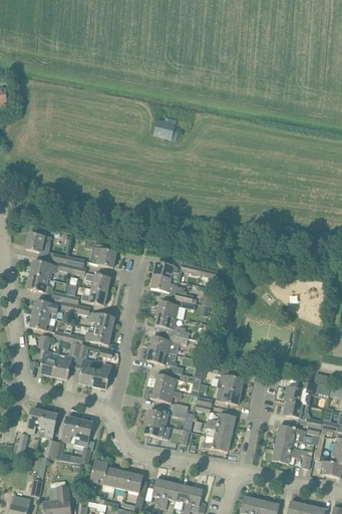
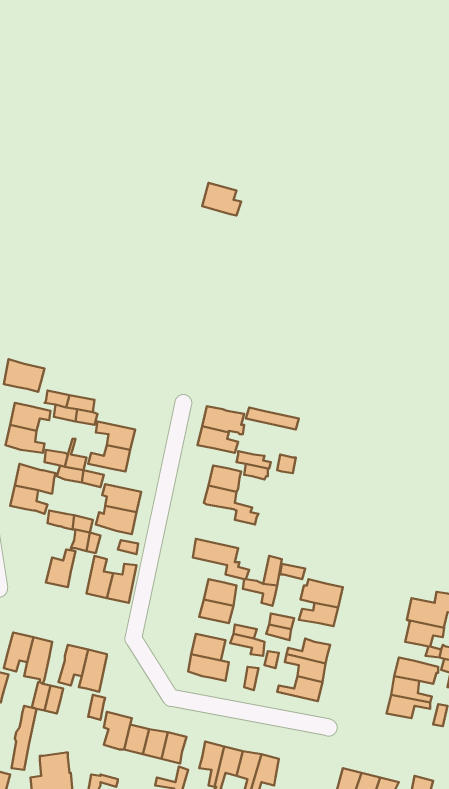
building: [91,242,116,267] -> none
building: [38,334,57,375] -> none
building: [149,335,188,353] -> none

